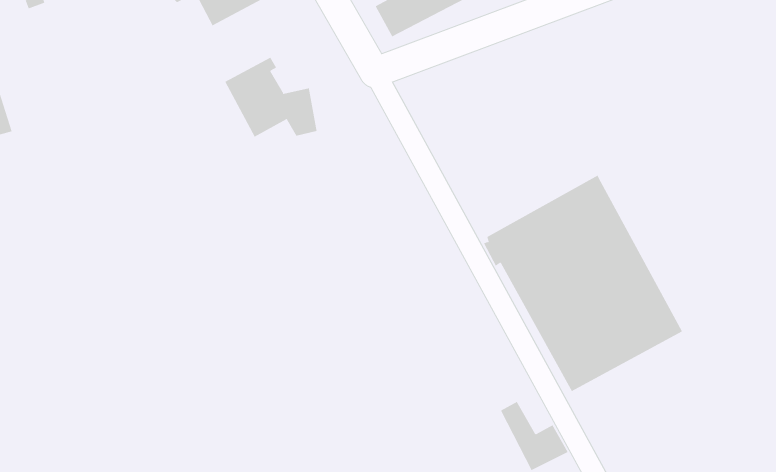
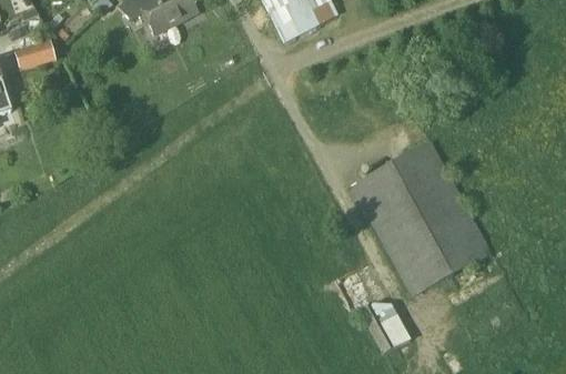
building: none -> [14,40,55,68]
building: [225,57,317,137] -> none

